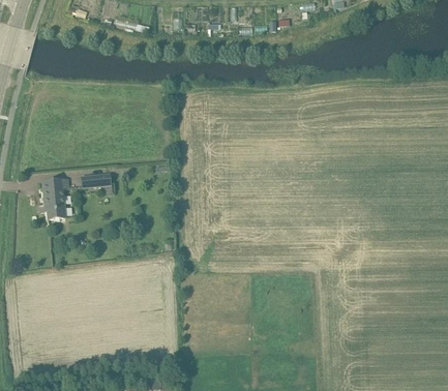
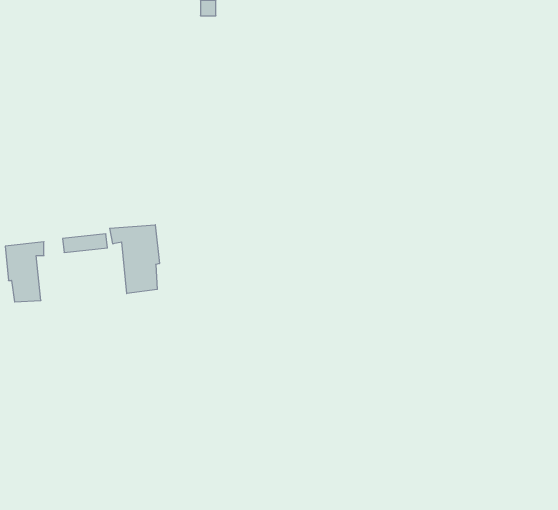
building: none -> [110,225,159,294]

